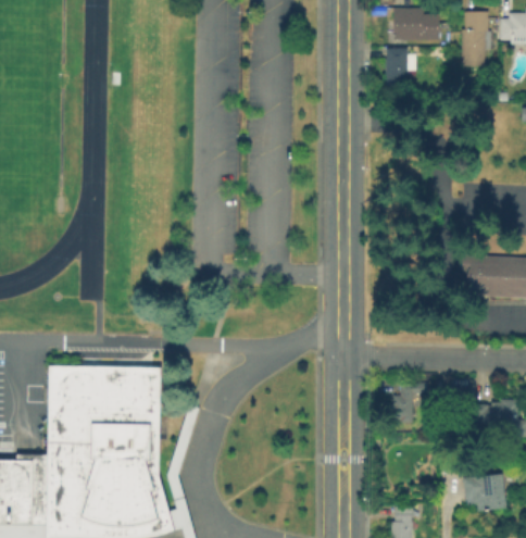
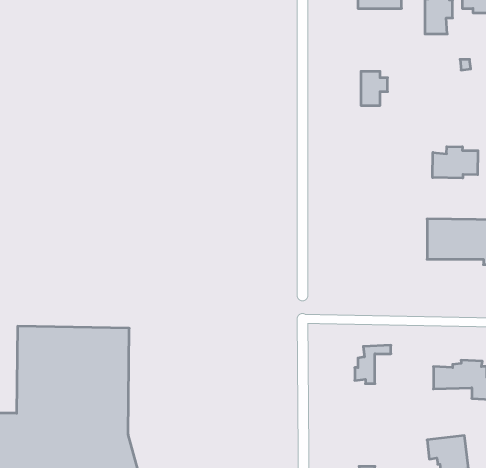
building: [388,49,415,84] -> [361,71,388,105]
building: none -> [433,147,478,178]

